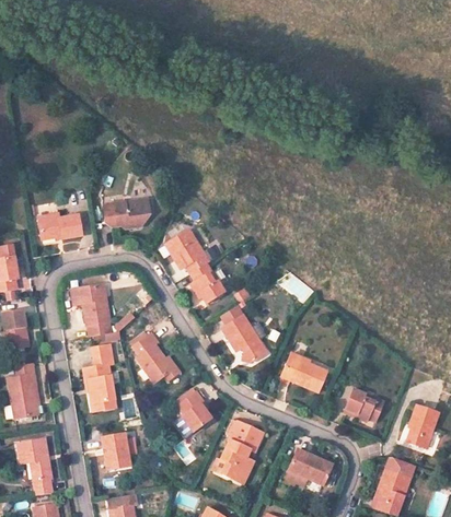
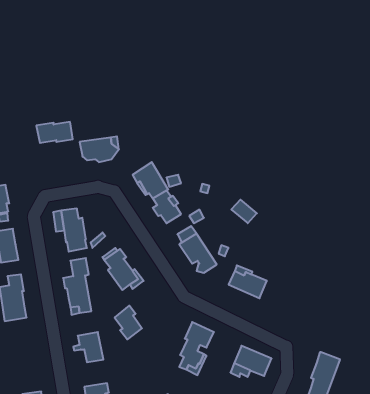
building: [37,213,81,238] -> [36,122,73,143]
building: [345,388,383,421] -> none
building: [177,390,210,431] -> [115,306,142,339]
building: [406,404,438,447] -> none
building: [16,437,51,494] -> none

